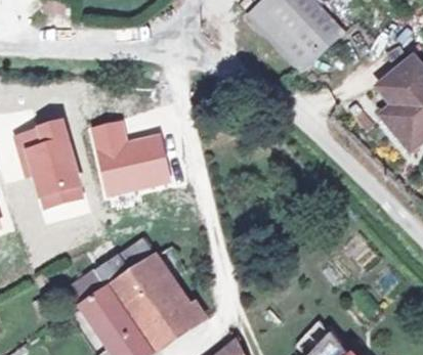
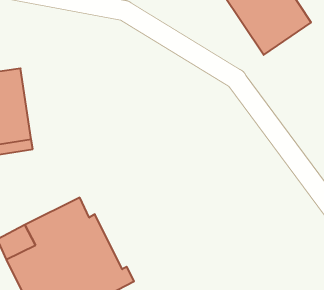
building: [89,121,173,198] -> none

